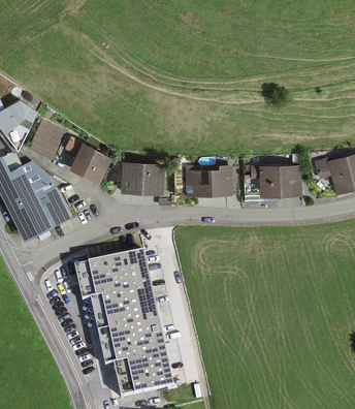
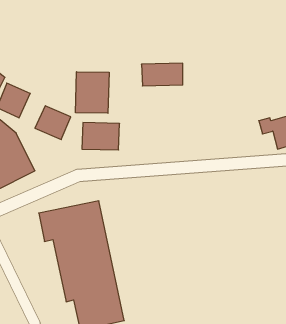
building: none -> [76,72,109,113]
building: [254,164,300,195] -> none
building: [187,169,232,194] -> [141,63,183,86]

